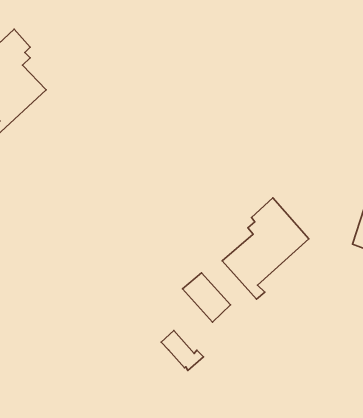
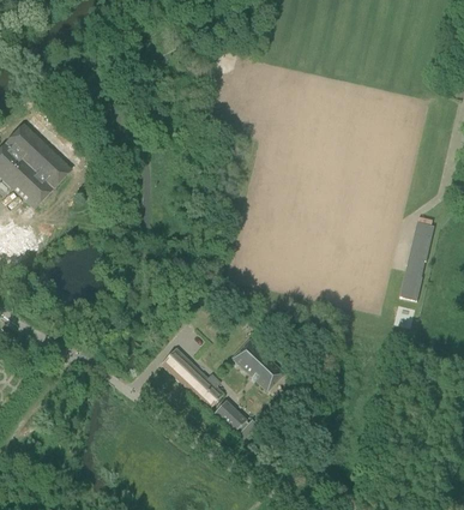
building: [222,198,309,299] -> none
building: none -> [159,347,223,408]

